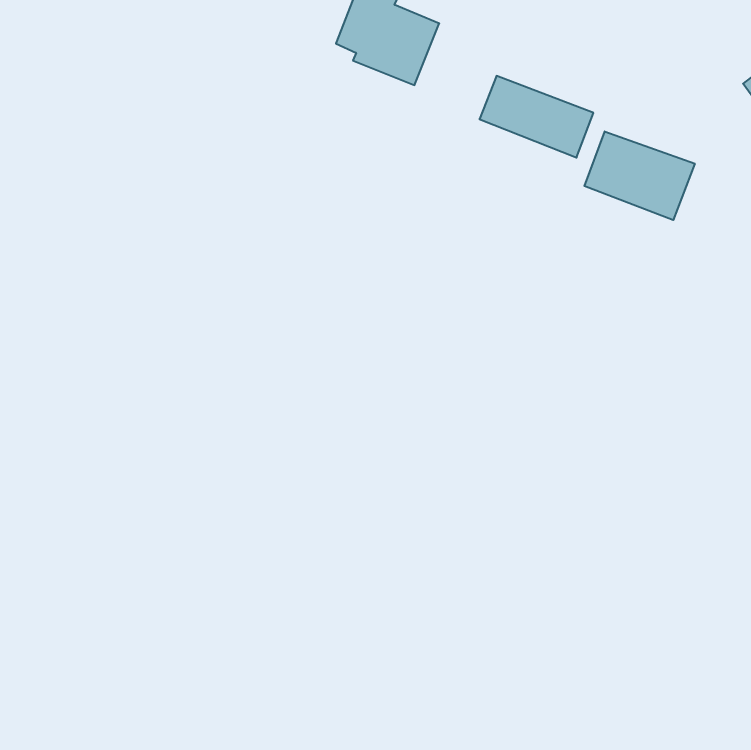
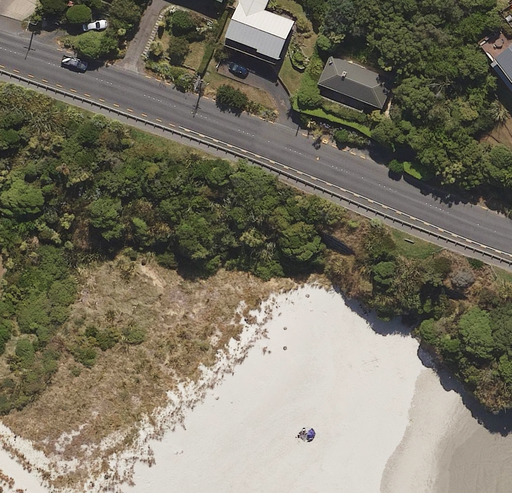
building: [584,131,695,220] -> none

